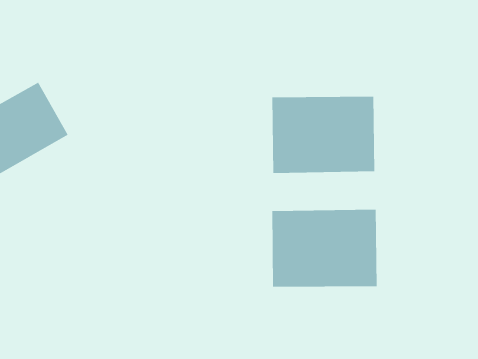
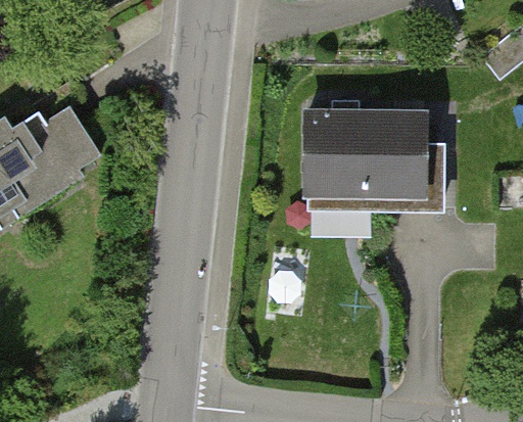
building: [272,209,377,287] -> none

